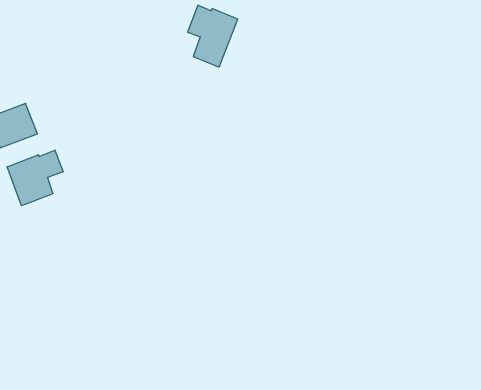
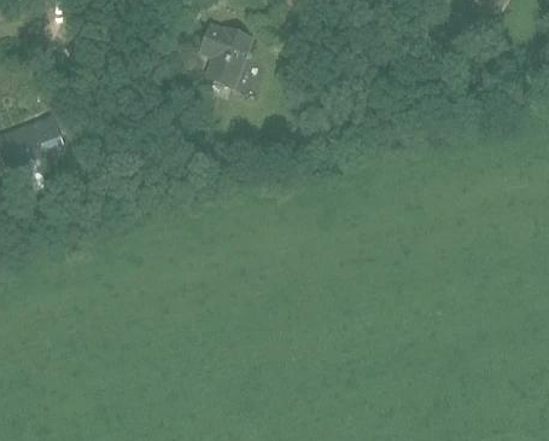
building: [7,150,63,206] -> none

